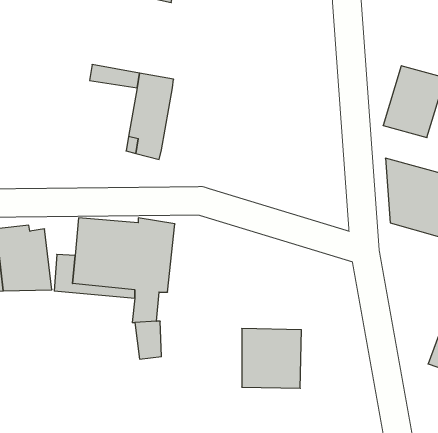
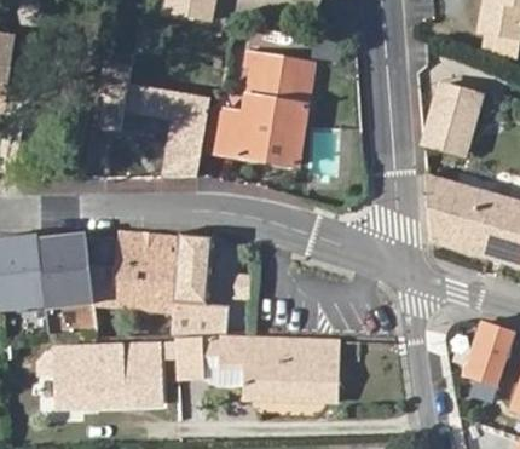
building: none -> [208,50,316,163]
building: none -> [219,341,281,401]
building: none -> [56,347,160,409]

